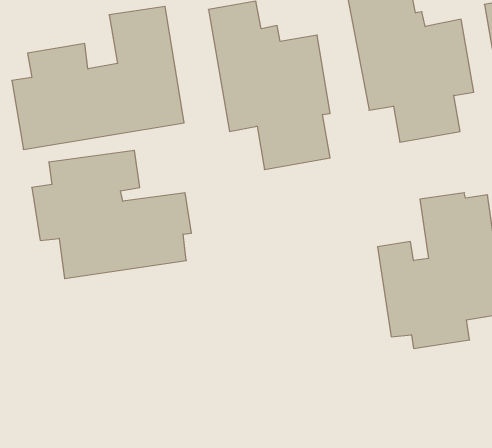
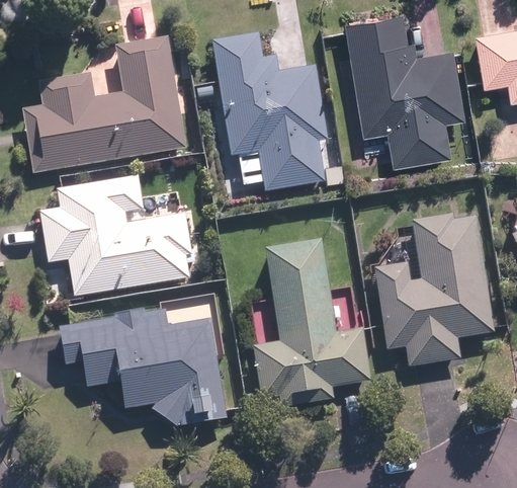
building: none -> [252,238,371,407]
building: none -> [61,301,230,427]

